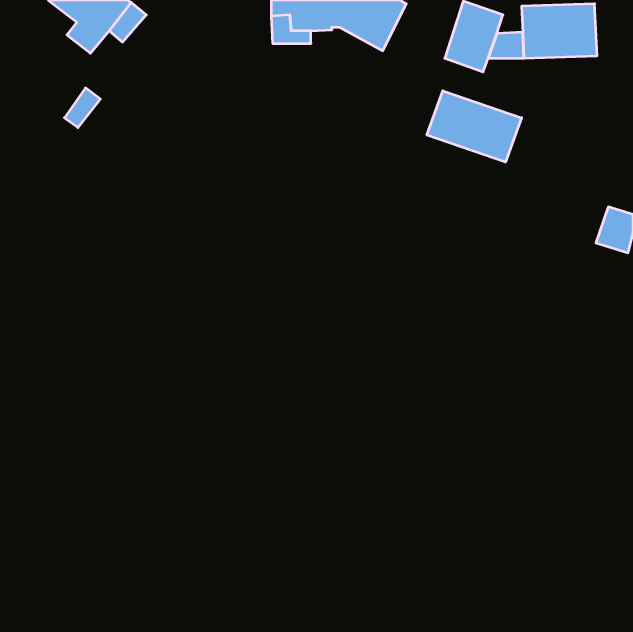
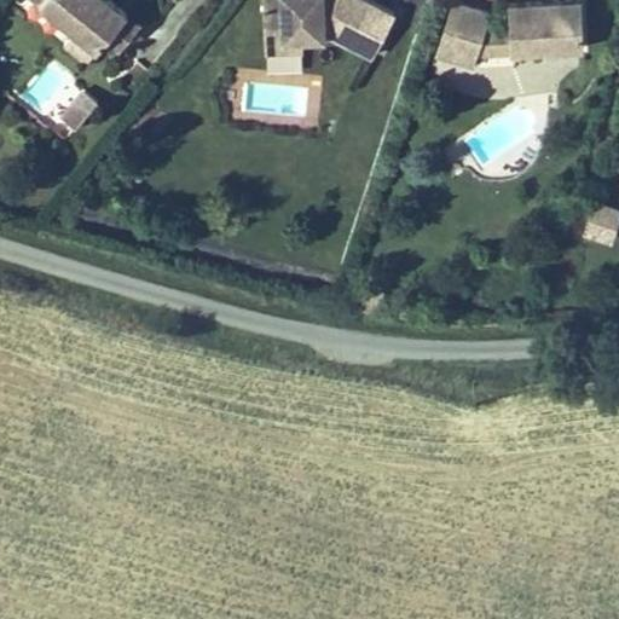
building: [427,91,522,162] -> none

